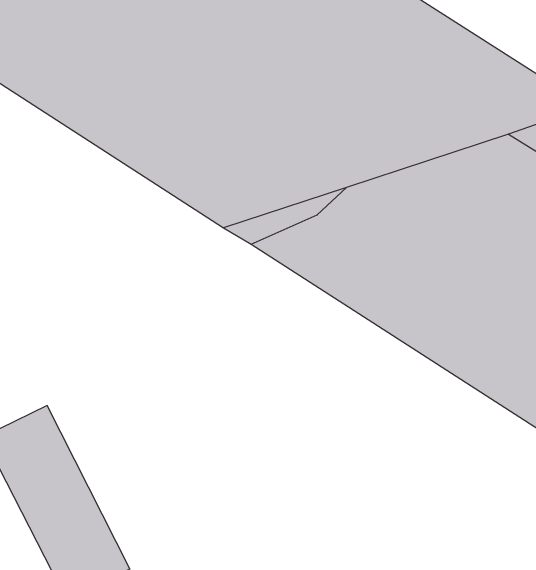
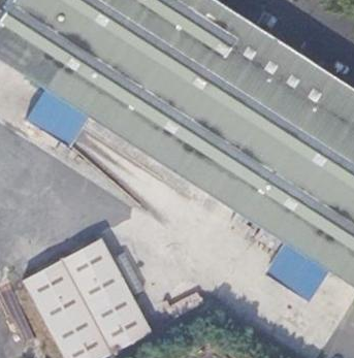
building: none -> [61,235,148,346]

